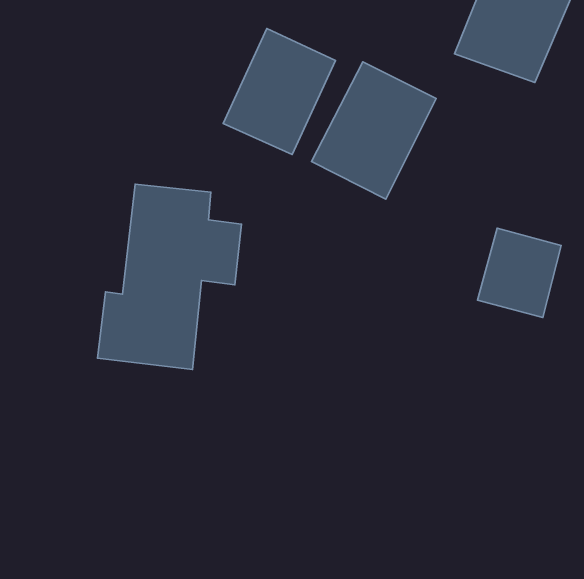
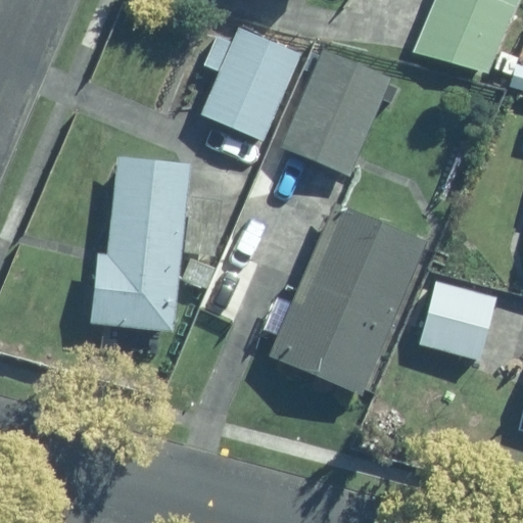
building: [478,228,561,317] -> [419,278,493,358]
building: none -> [279,216,424,391]

